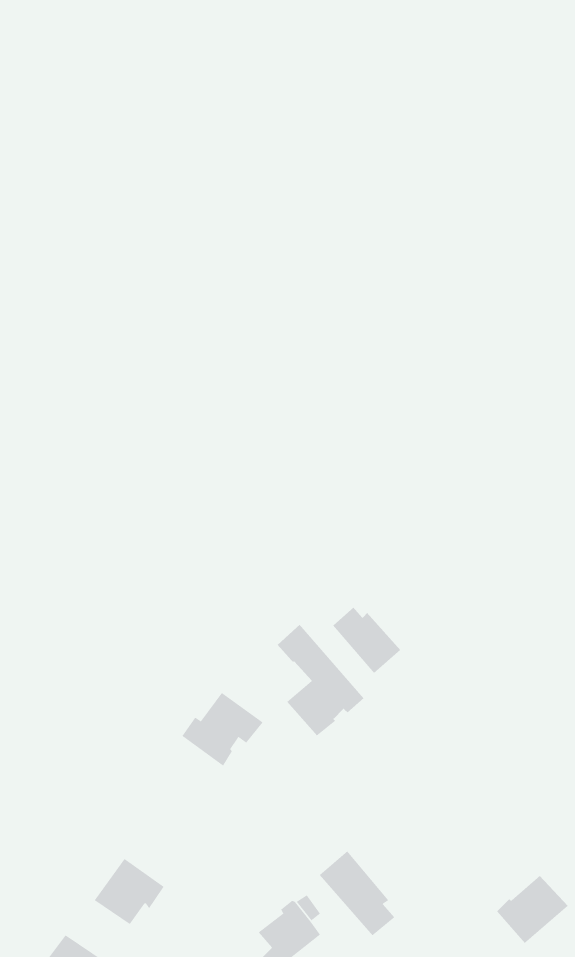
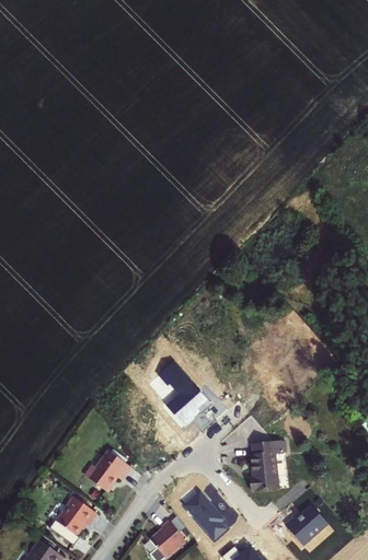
building: [333,607,401,674] -> none
building: [182,692,263,766] -> [84,450,131,492]
building: none -> [250,441,281,491]

